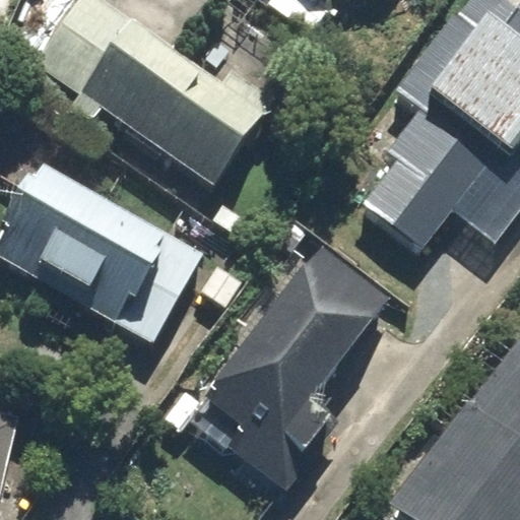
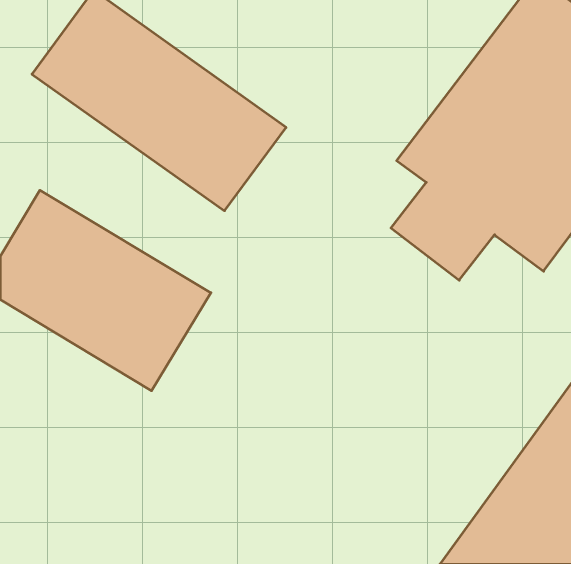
building: [197,252,392,466] -> none

